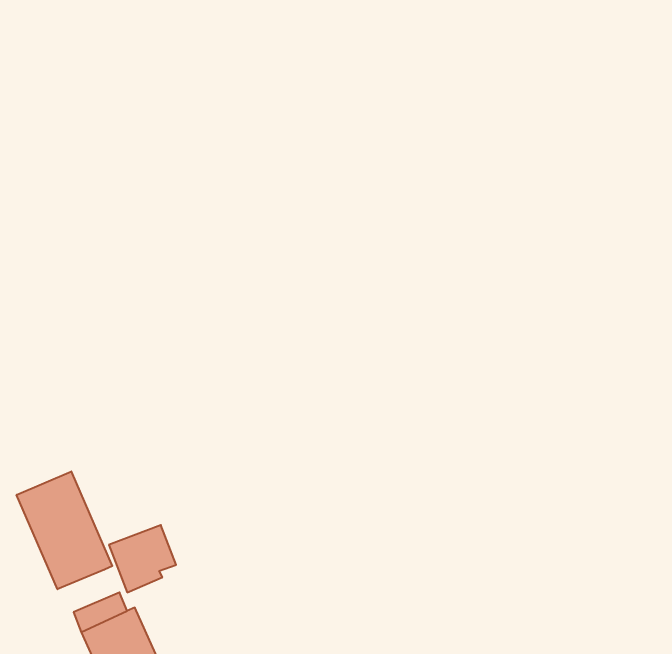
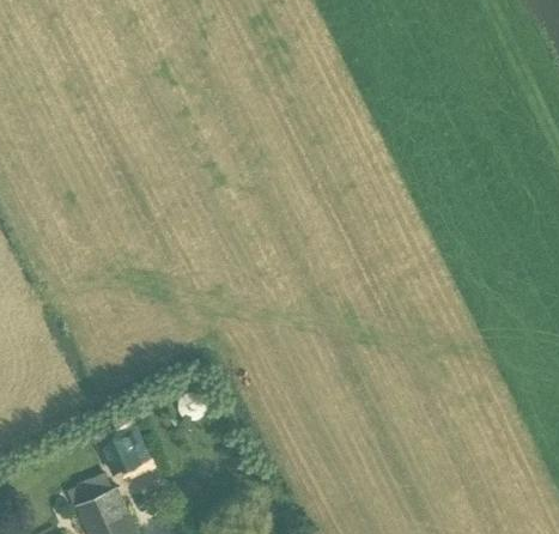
building: [17,471,112,589] -> none

